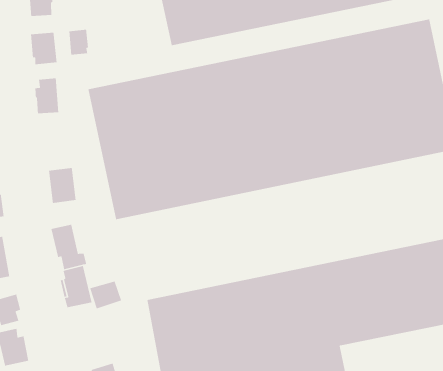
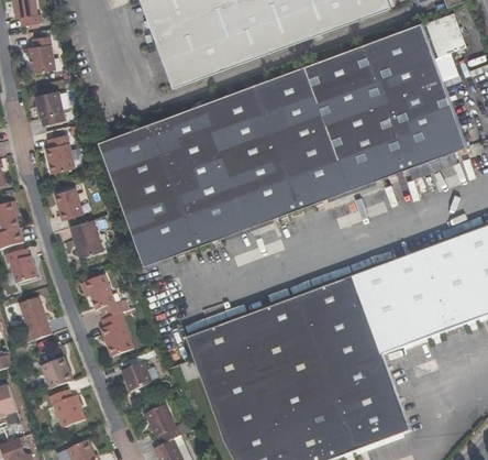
building: [68,29,89,56] -> none
building: none -> [58,188,86,219]
building: [89,281,122,309] -> [121,362,155,393]

